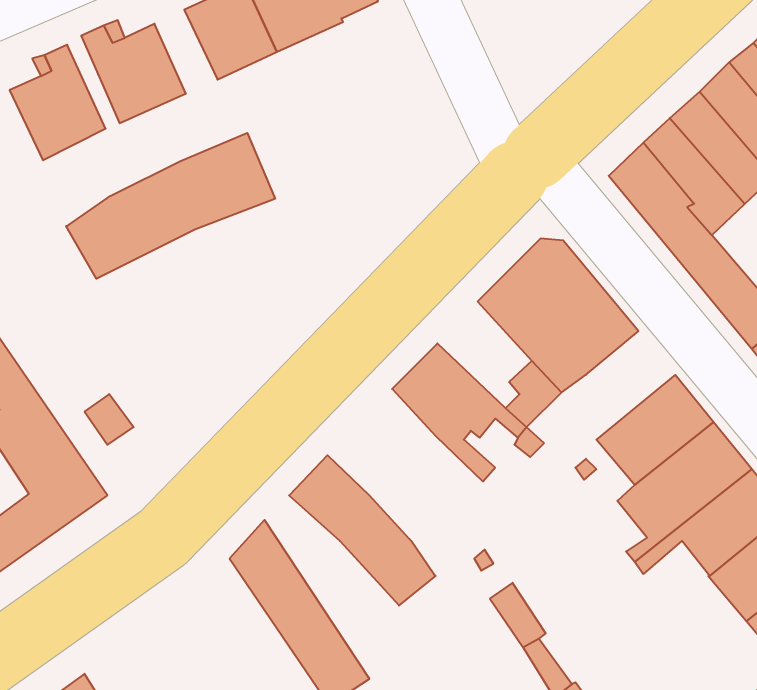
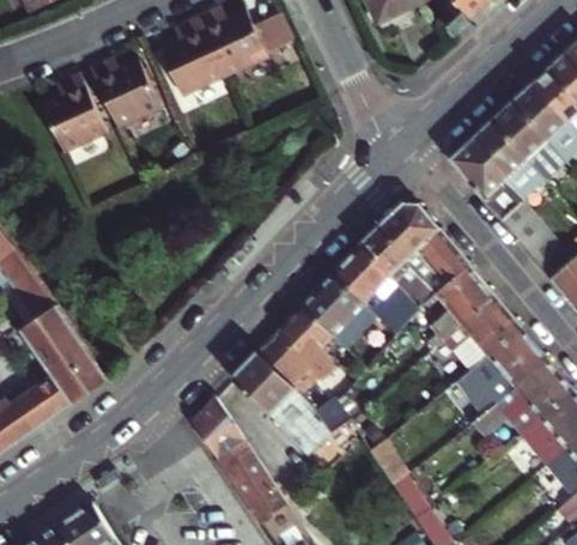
building: [66,133,275,279] -> none
building: none -> [334,246,399,319]
building: none -> [427,266,497,350]
building: none -> [281,305,353,432]

